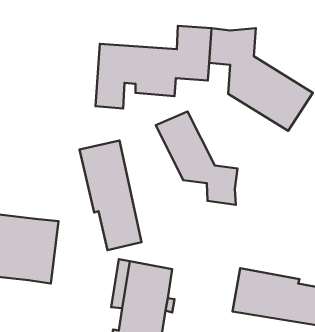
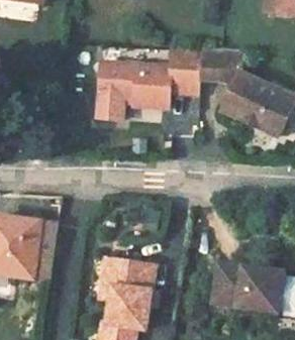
building: [156,112,238,205] -> none
building: [79,140,141,250] -> none

